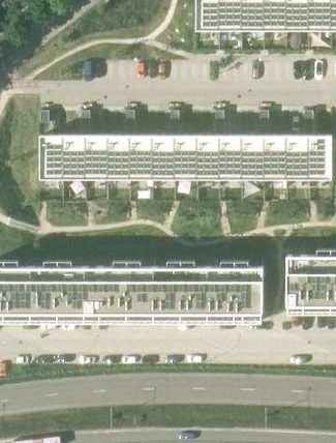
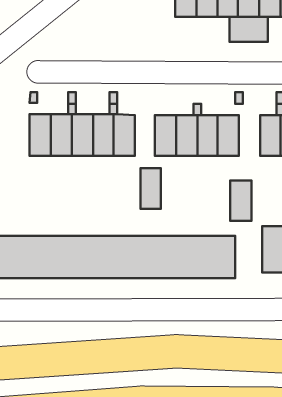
building: none -> [230,17,268,42]
building: [153,137,175,180] -> [141,168,161,209]
building: [265,137,287,180] -> [230,180,252,221]

